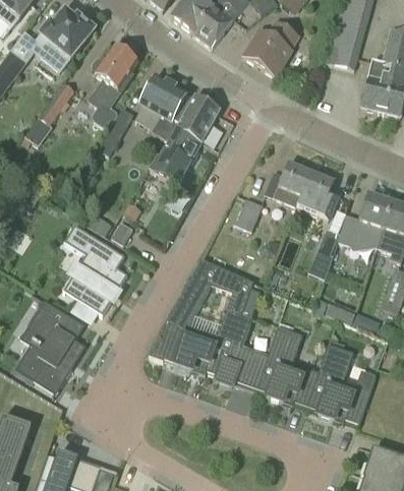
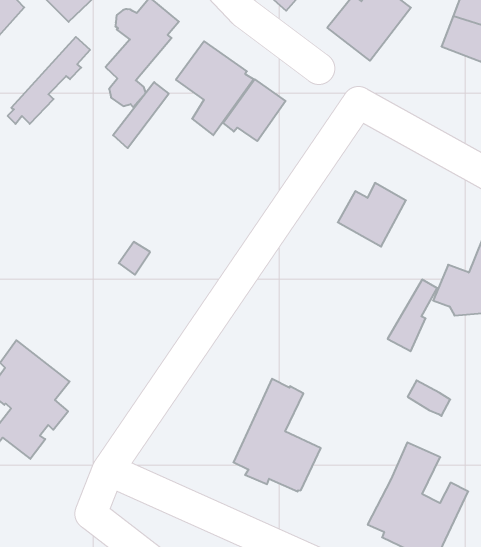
building: [159,130,200,183] -> none
building: [296,172,340,220] -> none
building: [235,196,263,230] -> none
building: [64,224,127,313] -> none
building: [216,267,252,313] -> none
building: [149,273,219,374] -> none
building: [254,326,320,405] -> none

